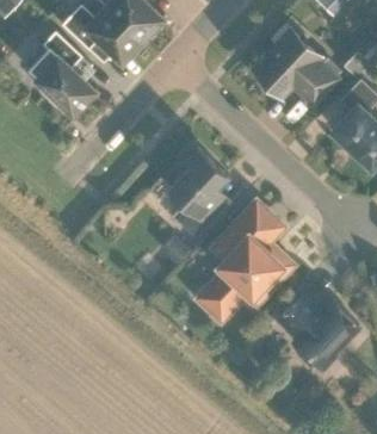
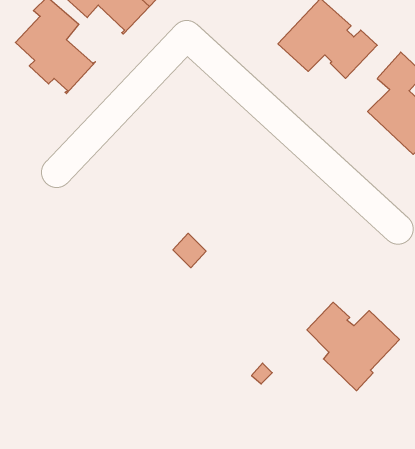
building: [168,147,230,238] -> none
building: [206,204,284,311] -> none

